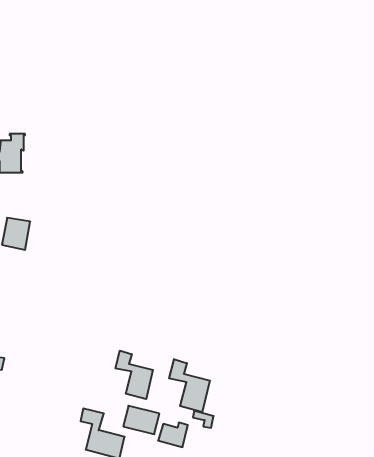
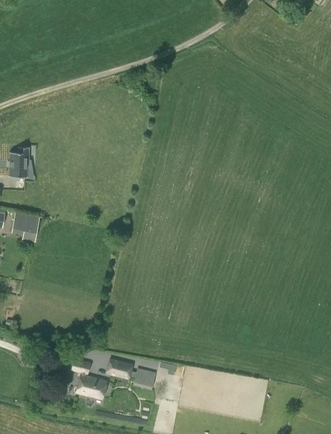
building: [116,351,153,399] -> none
building: [169,359,210,412] -> none

